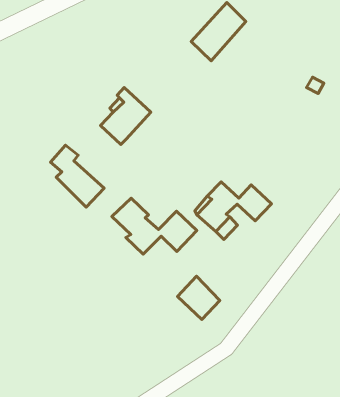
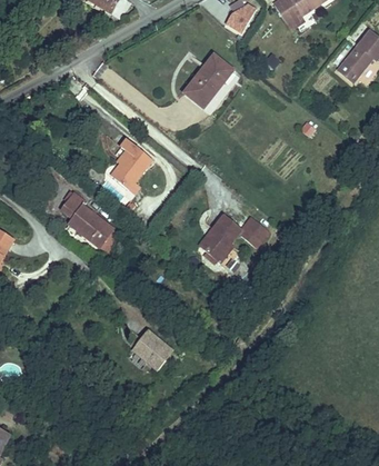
building: [112,198,197,254] -> none
building: [177,276,220,320] -> [138,337,177,376]

